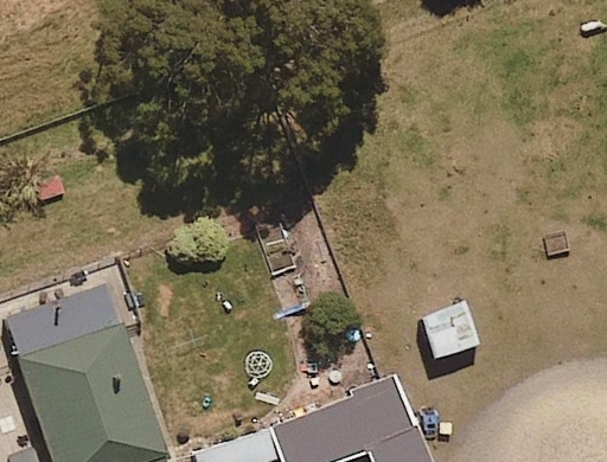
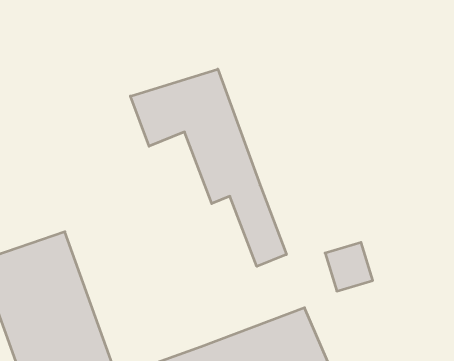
building: none -> [130,69,286,266]

